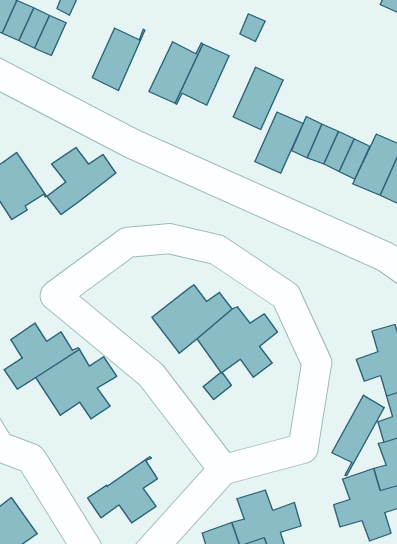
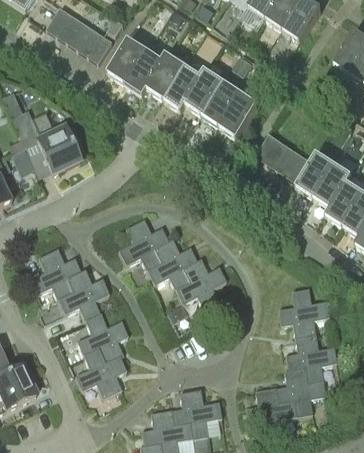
building: none -> [107,40,146,83]
building: none -> [142,56,185,99]
building: [255,112,303,173] -> [202,83,240,126]
building: [47,147,116,214] -> [118,219,169,264]
building: [332,395,384,476] -> none
building: none -> [77,314,128,370]

